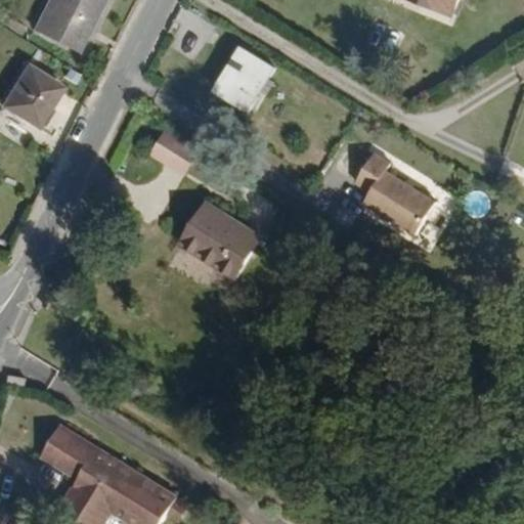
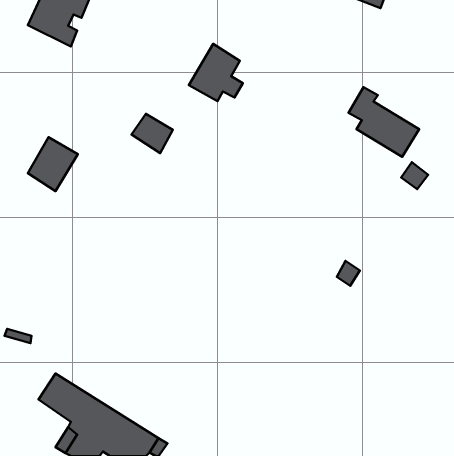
building: [4,64,61,126] -> [28,137,78,191]
building: [350,148,431,228] -> [348,87,419,157]
building: [182,205,263,277] -> none

